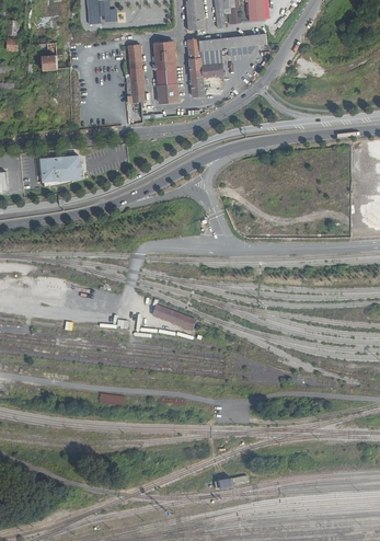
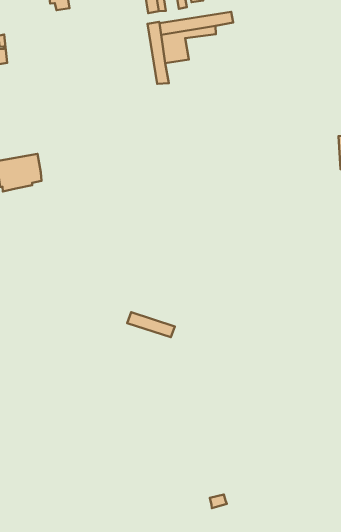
building: [154,41,179,102] -> none
building: [125,44,145,101] -> none

